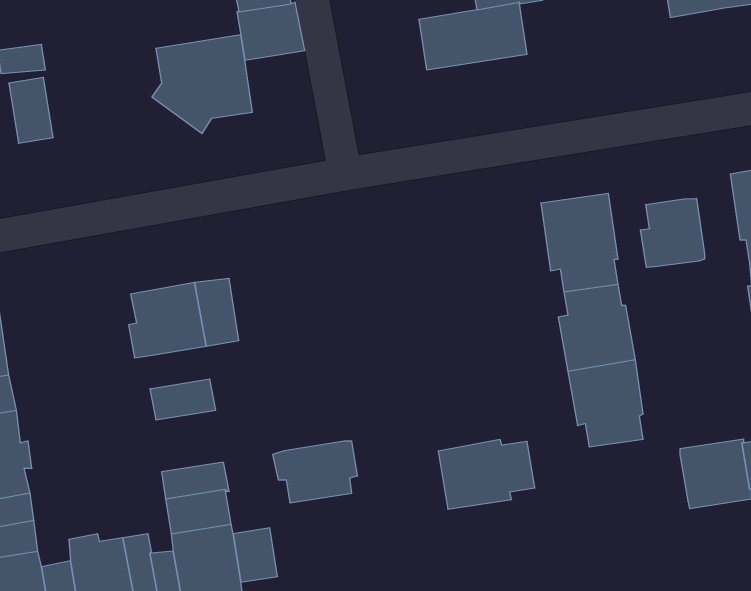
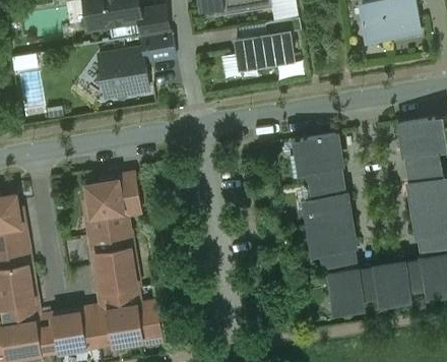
building: [640,198,705,268] -> none
building: none -> [93,214,126,236]
building: [438,440,535,509] -> [326,269,377,306]
building: [273,441,358,503] -> [91,247,136,280]

